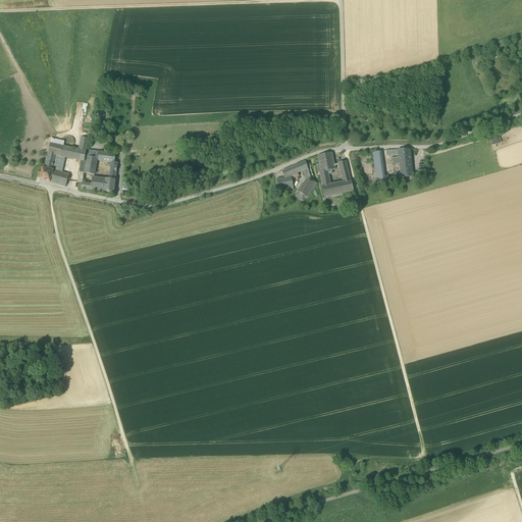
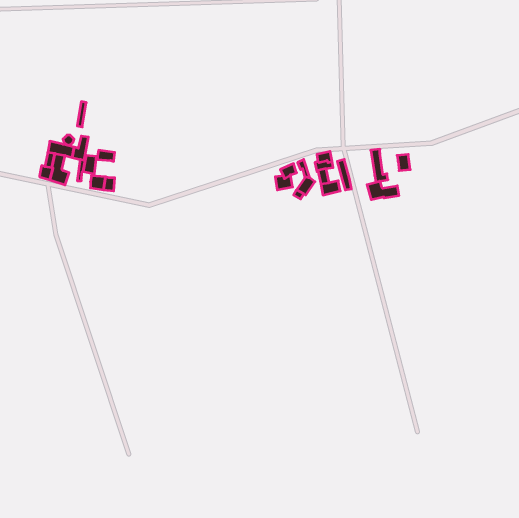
building: none -> [367,181,399,200]

